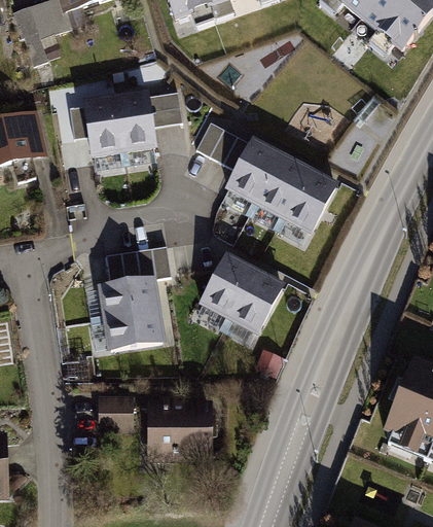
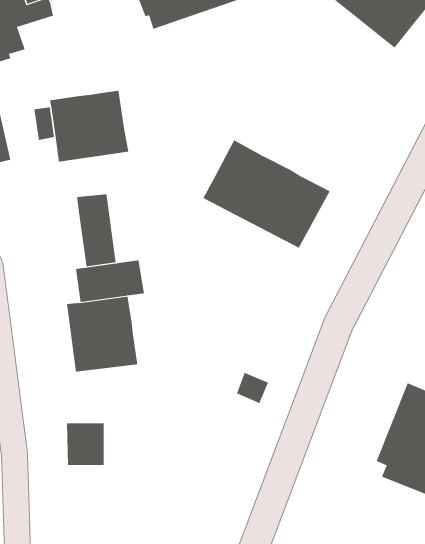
building: [148,92,181,125] -> none
building: [196,121,248,168] -> none
building: none -> [76,193,116,267]
building: [199,251,286,336] -> none
building: [148,399,213,460] -> none

